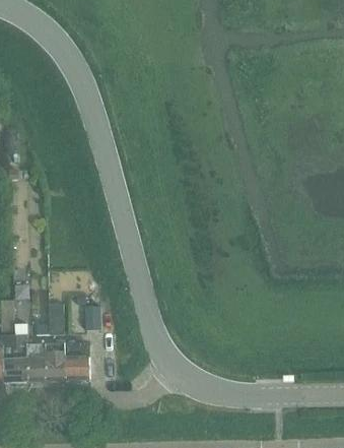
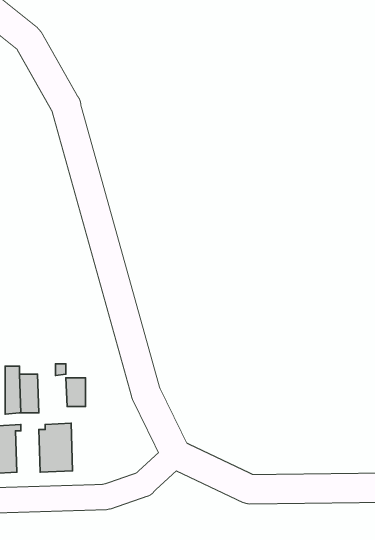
building: [45,344,68,382] -> none

